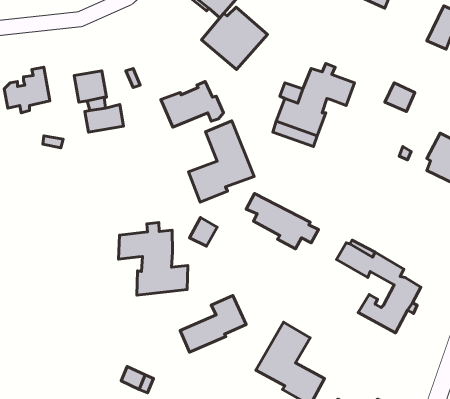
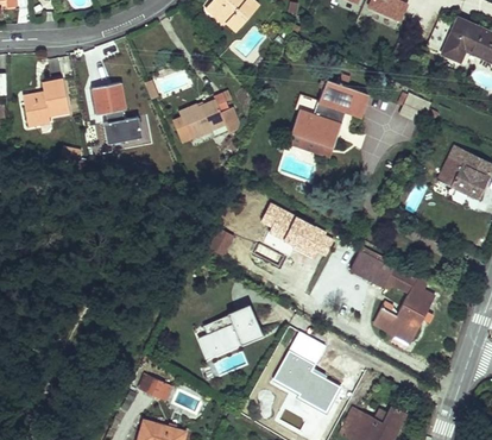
building: [202,7,267,70] -> none
building: [189,121,254,202] -> none
building: [119,222,188,295] -> none

